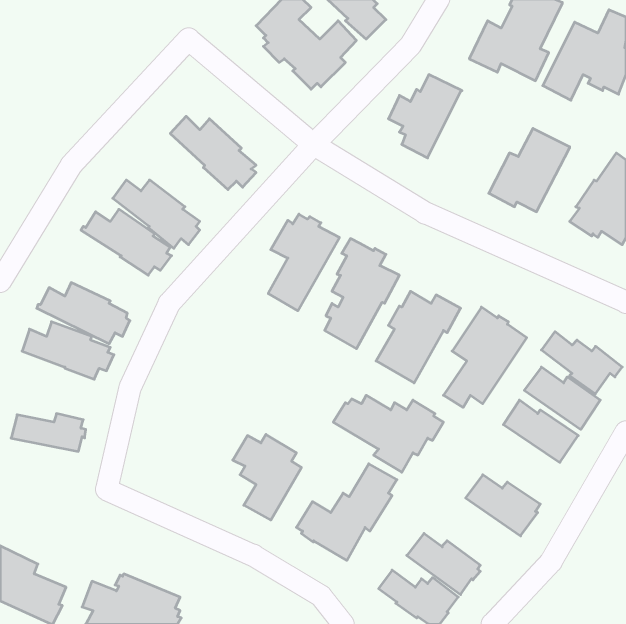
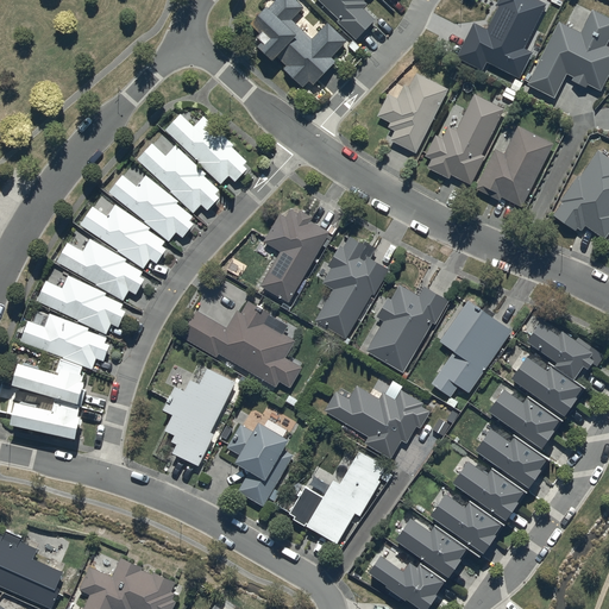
building: none -> [425,93,503,186]
building: none -> [138,143,220,213]
building: none -> [55,238,145,300]
building: none -> [180,301,301,387]
building: none -> [13,358,86,406]
building: none -> [163,366,236,465]
building: none -> [475,429,547,488]
building: none -> [429,495,502,553]

